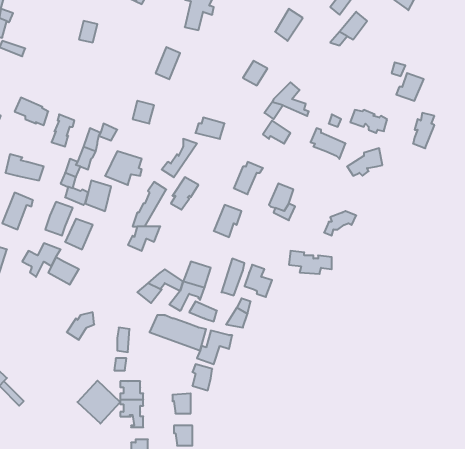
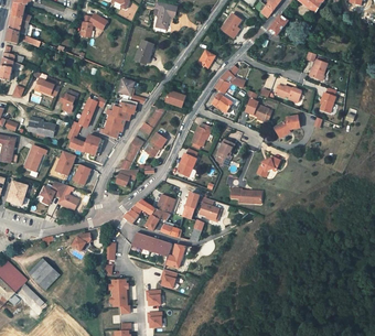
building: none -> [107,97,136,121]
building: [77,381,120,424] -> [28,258,58,289]

